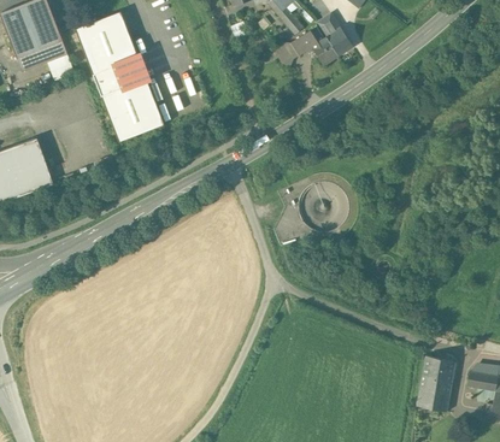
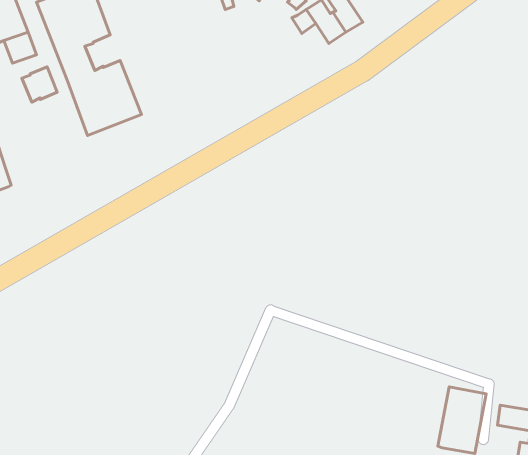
building: [116,55,146,86] -> [22,67,57,102]

